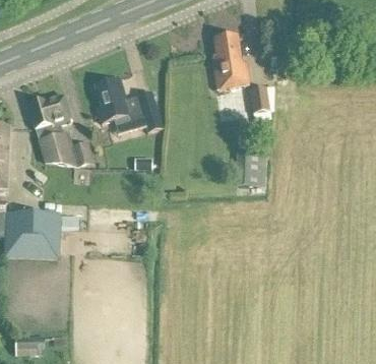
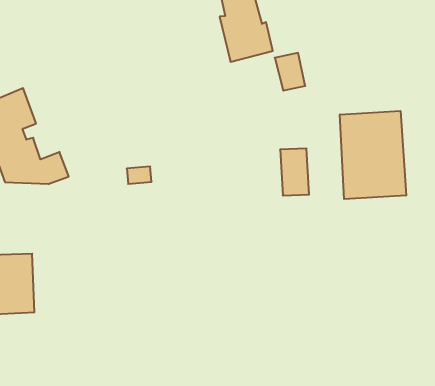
building: [95,77,163,132] -> none
building: none -> [340,111,406,199]

